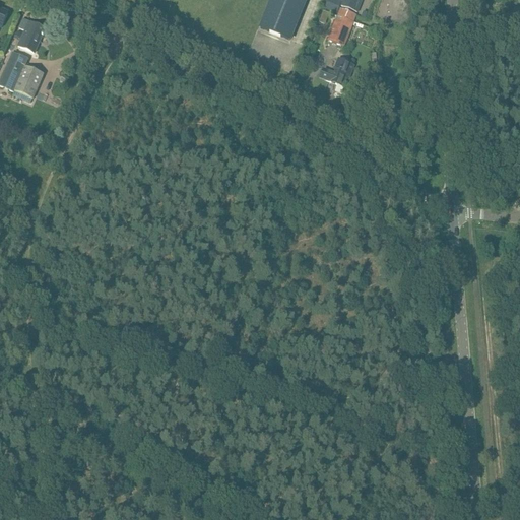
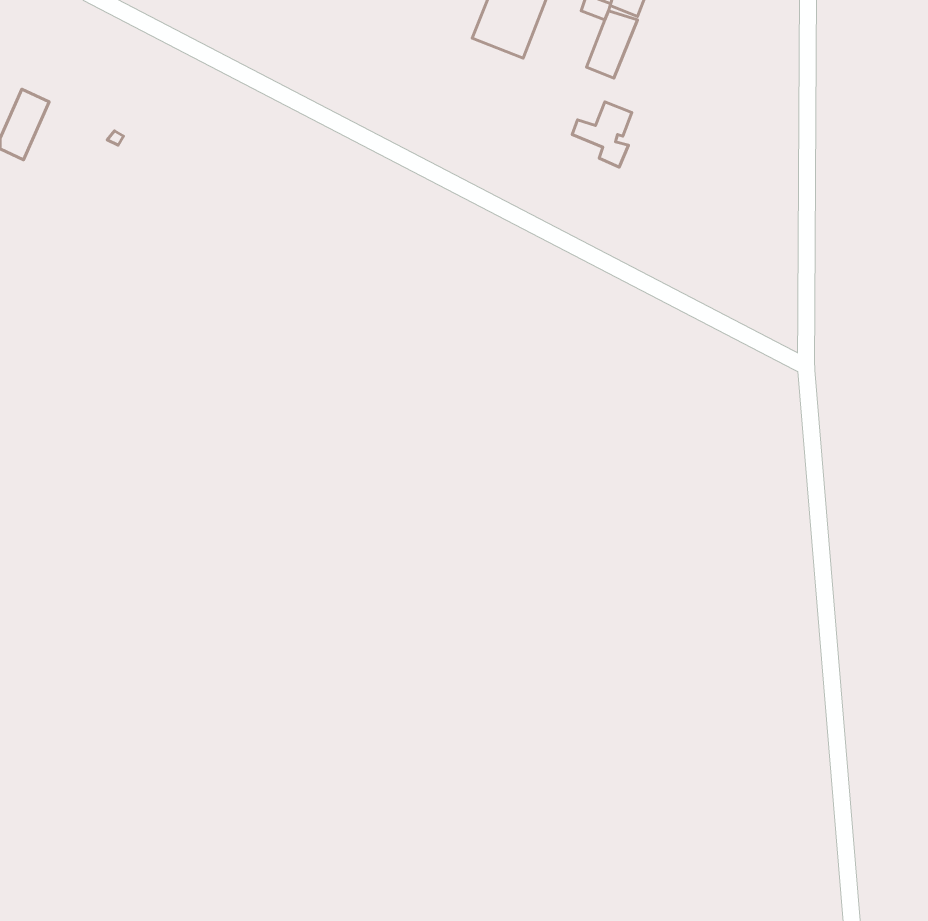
building: [18,16,45,51] -> none
building: [13,64,44,100] -> none

